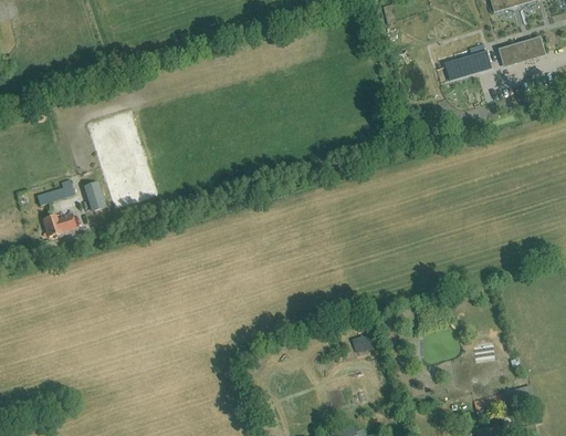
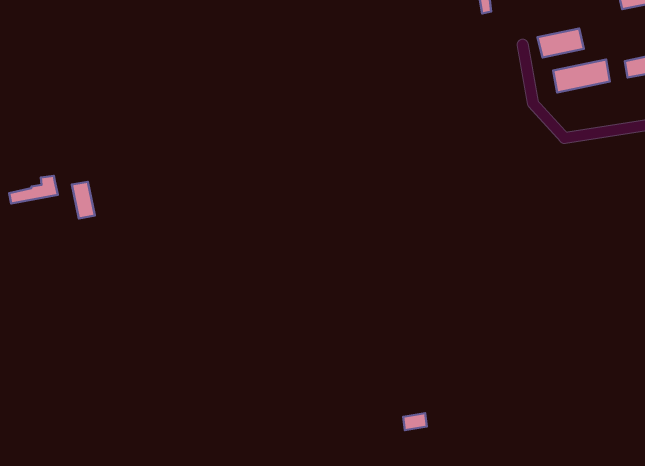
building: none -> [538,29,584,57]
building: [42,212,75,236] -> none

